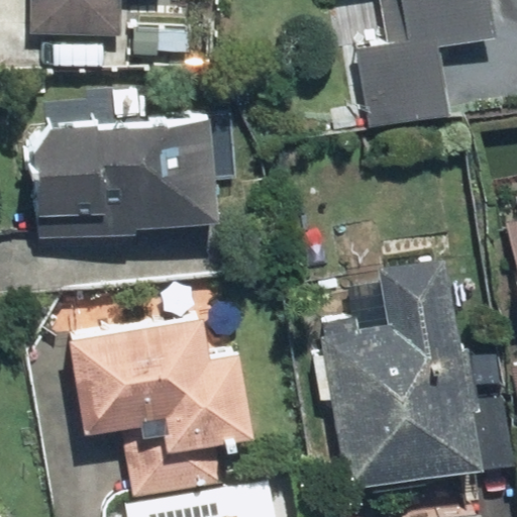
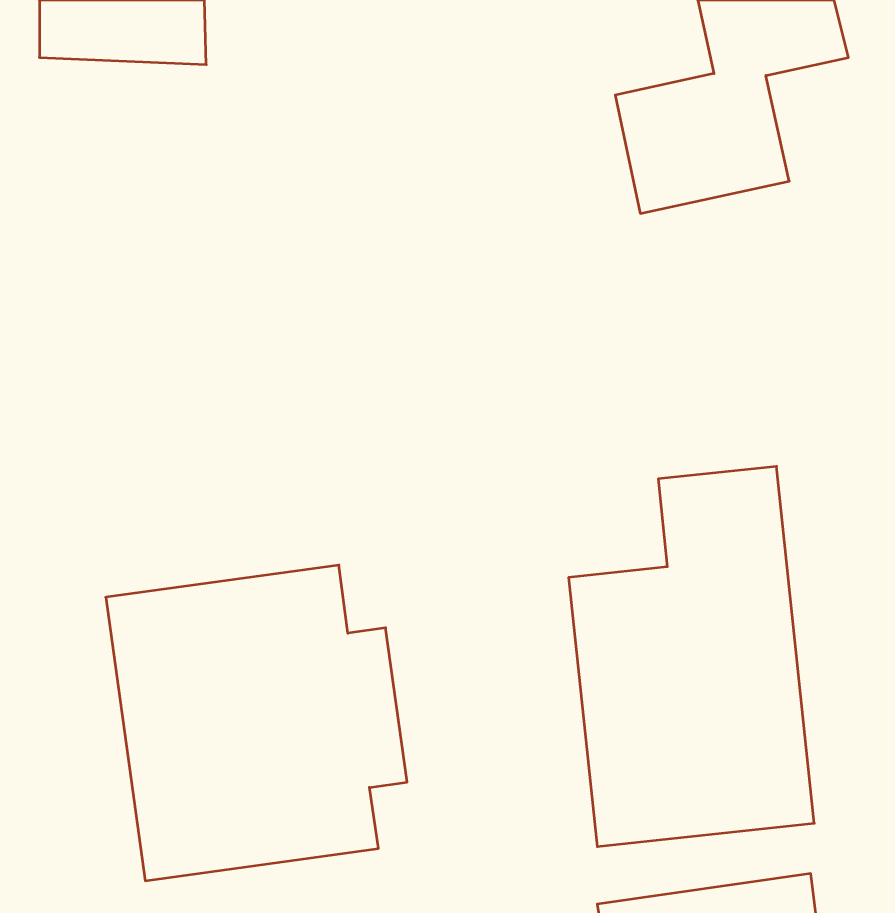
building: [25,116,219,240] -> none

